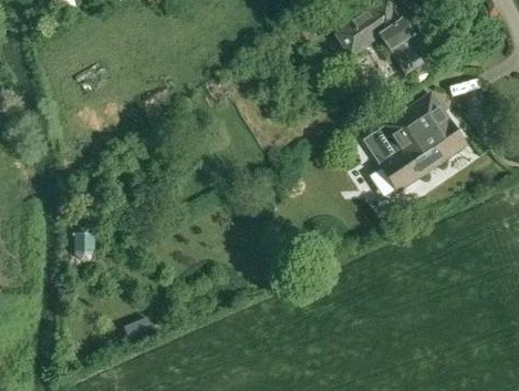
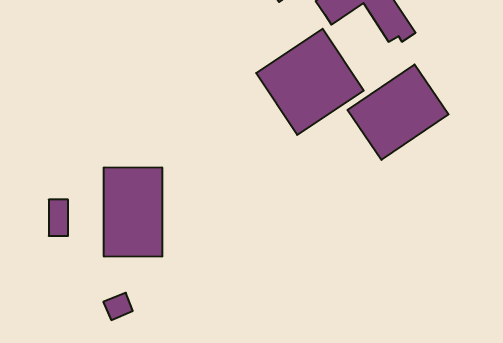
building: none -> [256,29,364,135]
building: none -> [104,167,162,257]

